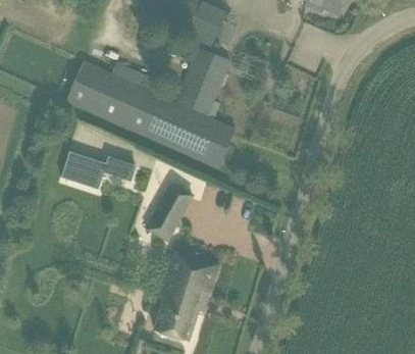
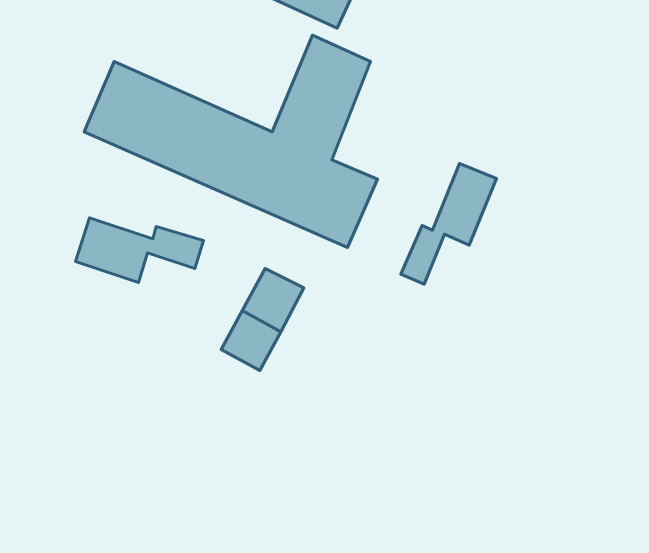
building: none -> [401,164,496,284]
building: [154,252,218,341] -> none

